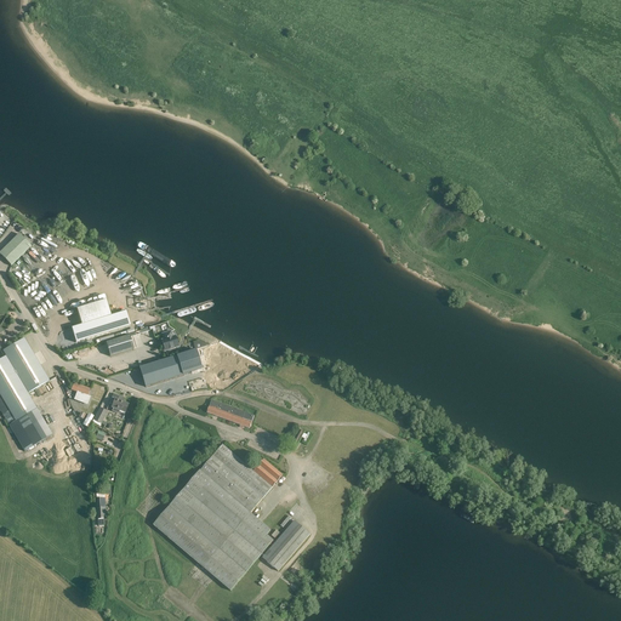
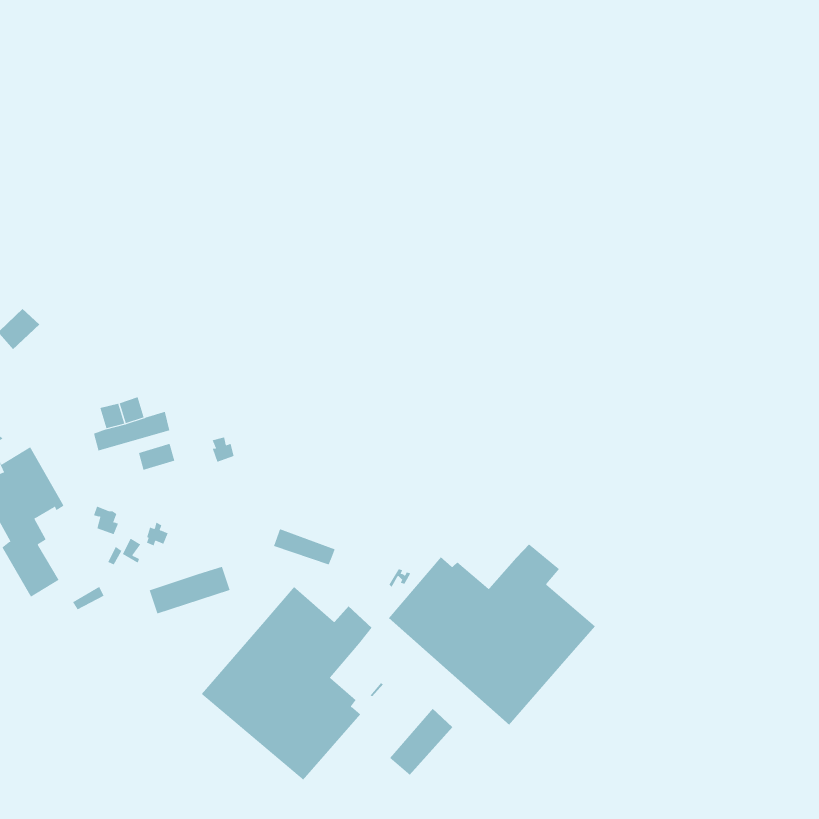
building: [138,349,200,386] -> [149,566,231,614]
building: none -> [388,544,596,726]
building: [261,519,309,570] -> [389,708,453,775]

